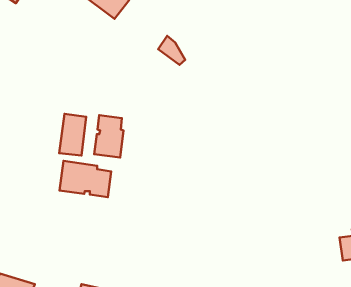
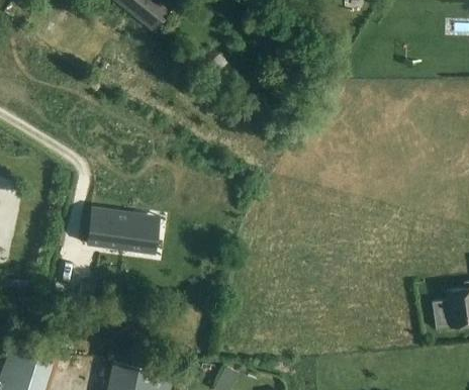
building: [59,114,86,155] -> none
building: [94,115,123,158] -> none

